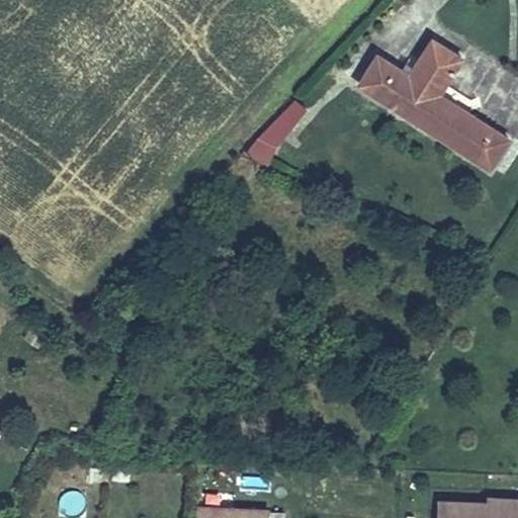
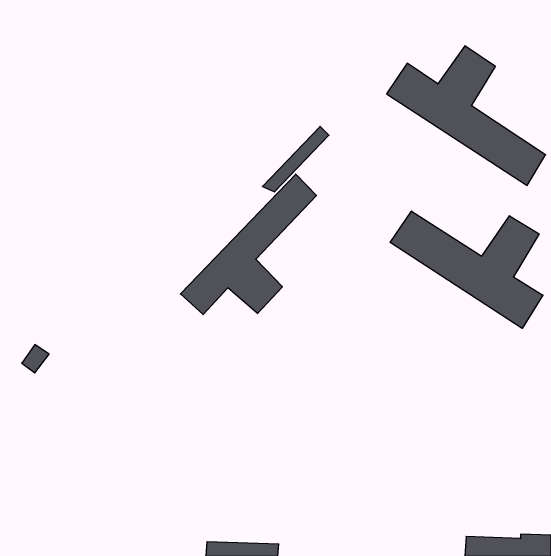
building: none -> [180,174,316,315]
building: none -> [390,211,543,328]

